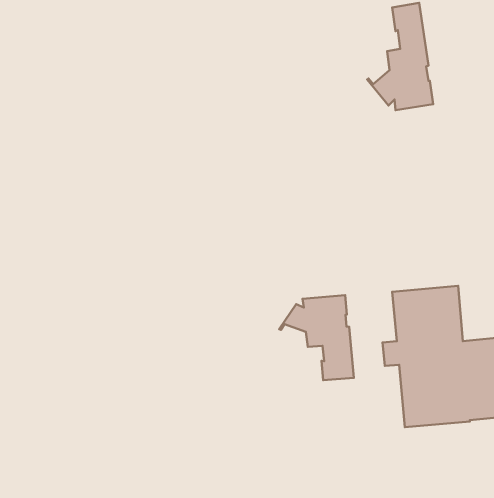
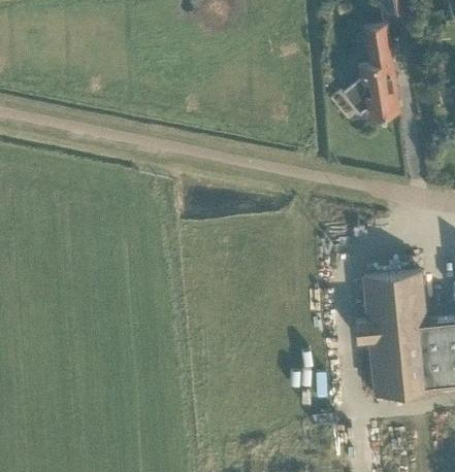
building: [279,295,354,380] -> none

